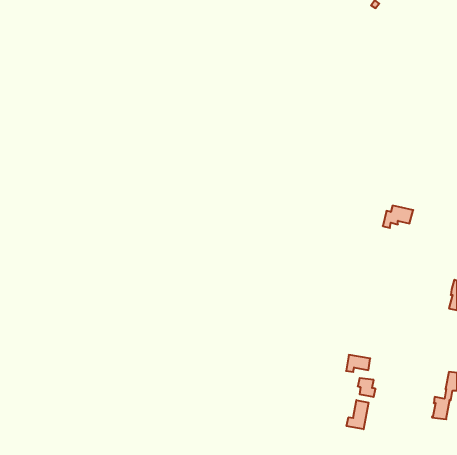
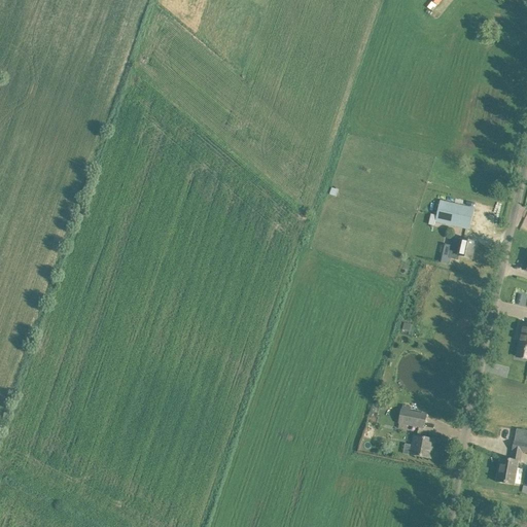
building: none -> [435,199,475,227]
building: [347,400,369,429] -> none

